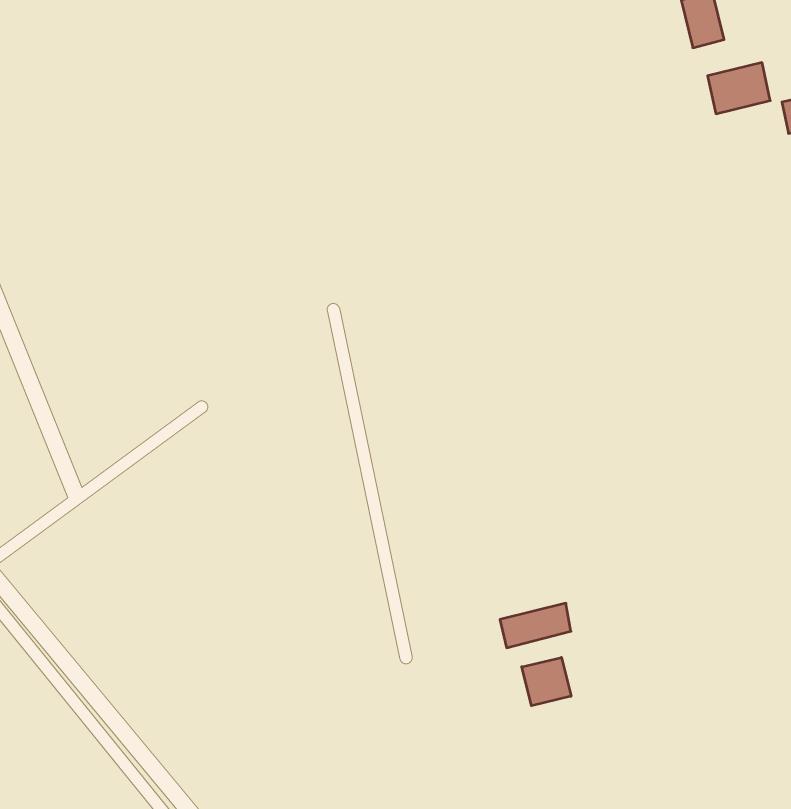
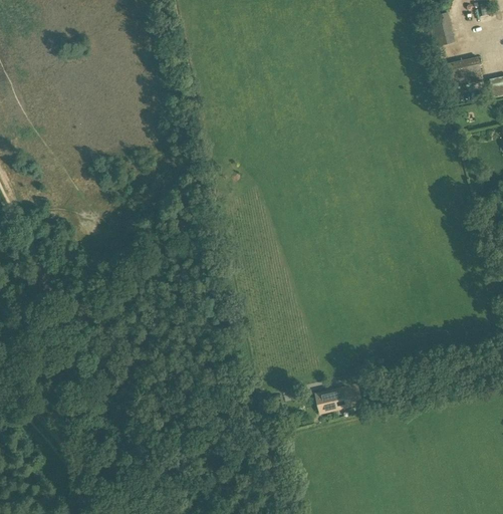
building: [522,657,571,706] -> none

